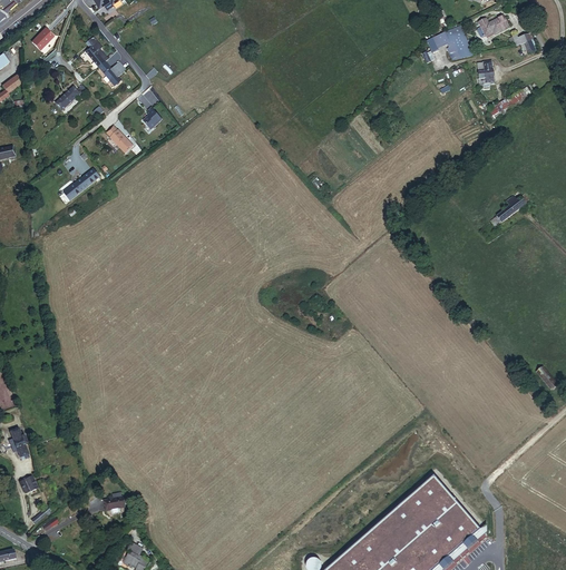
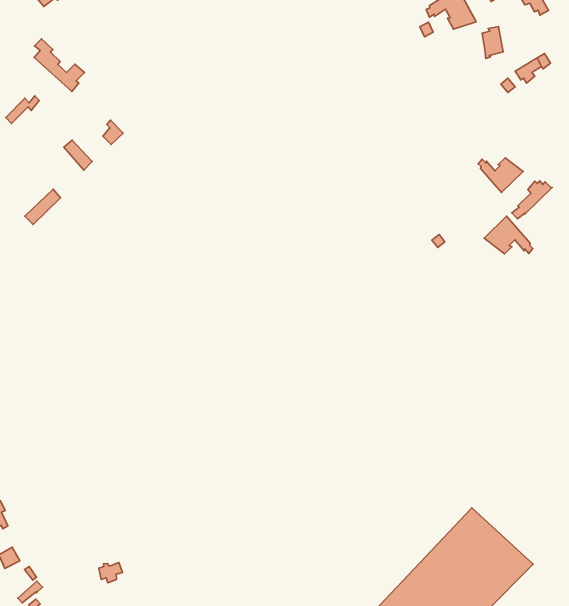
building: none -> [478,158,523,193]
building: none -> [484,216,533,254]

